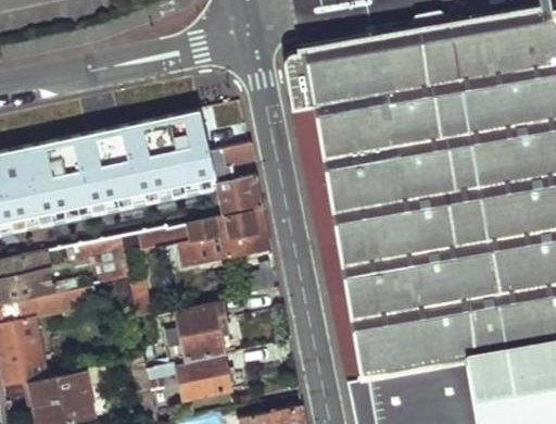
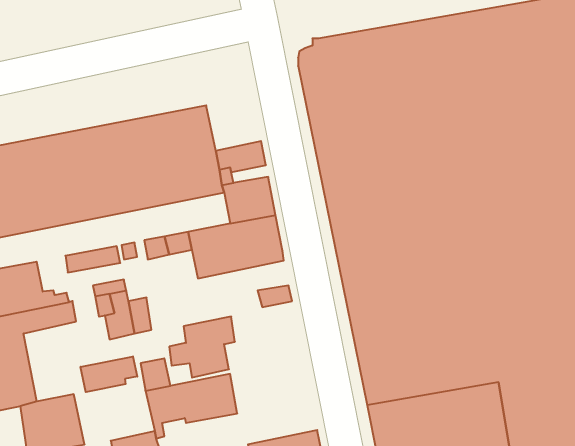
building: none -> [81,356,137,392]

